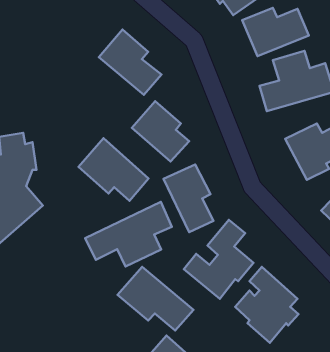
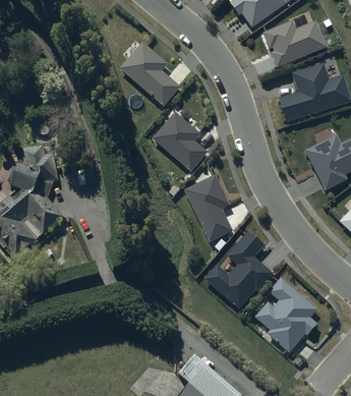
building: [78,138,149,201] -> none
building: [85,202,172,267] -> none
building: [117,267,193,331] -> none

